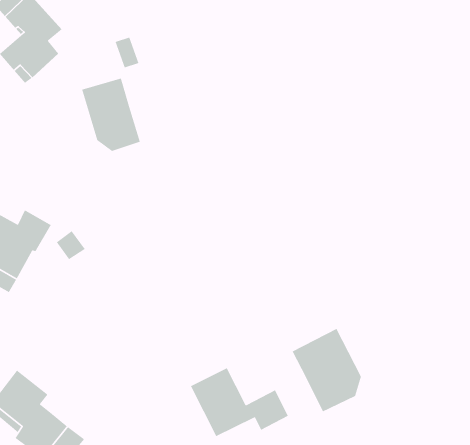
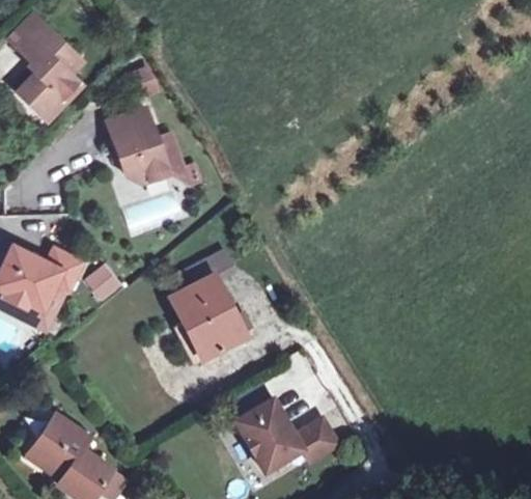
building: none -> [156,131,198,184]
building: none -> [172,251,244,361]
building: [291,328,362,412] -> none

